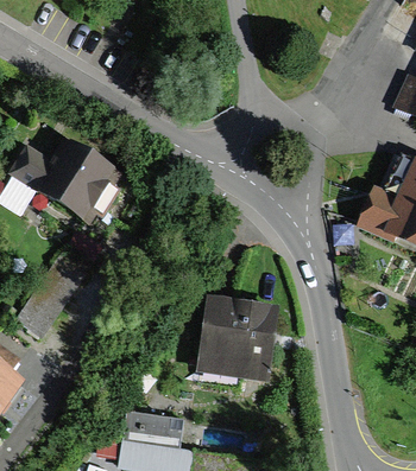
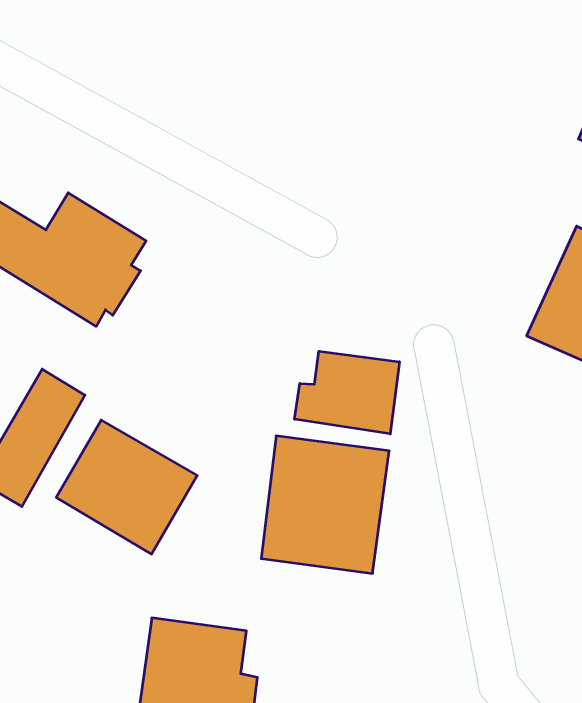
building: none -> [295,351,399,434]
building: none -> [56,420,197,554]

